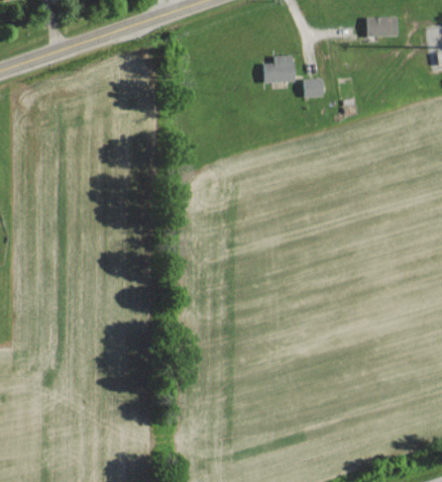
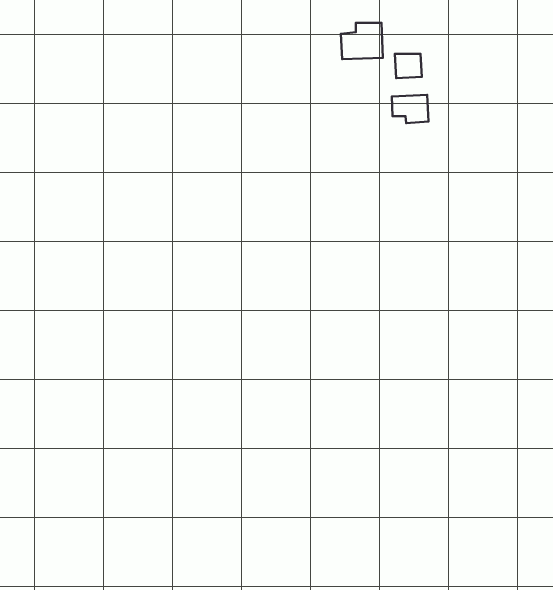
building: none -> [392,95,428,123]

